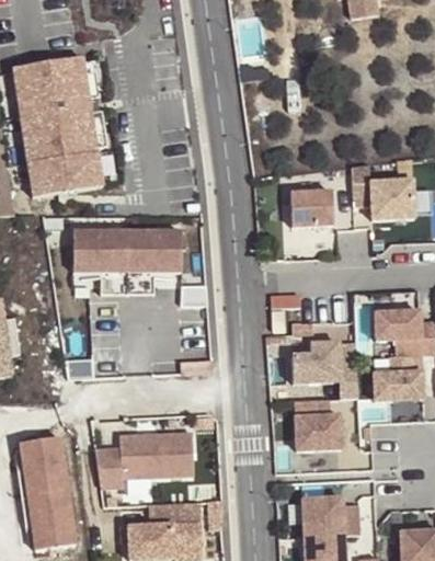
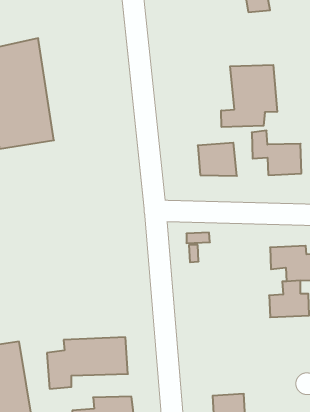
building: none -> [221,65,277,127]
building: [72,228,181,271] -> none
building: [293,346,358,401] -> none
building: [295,402,342,454] -> none

